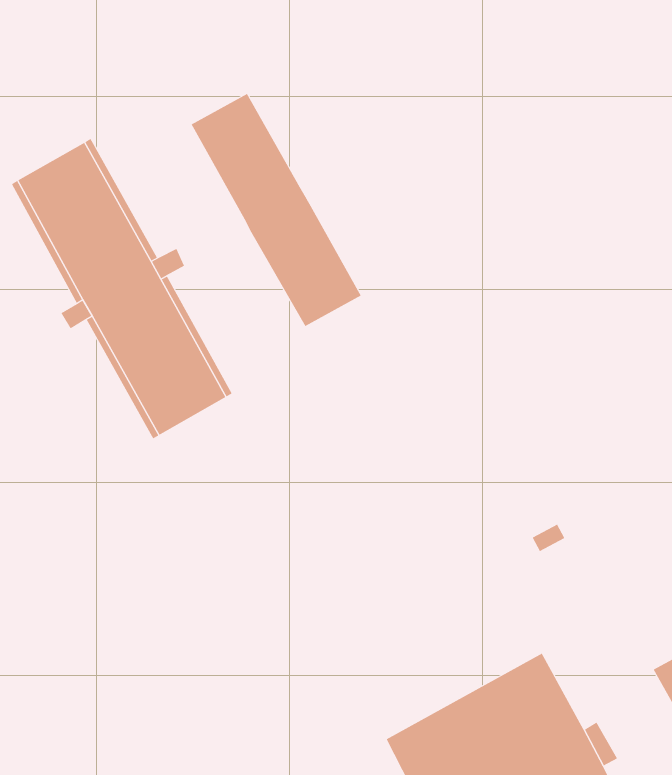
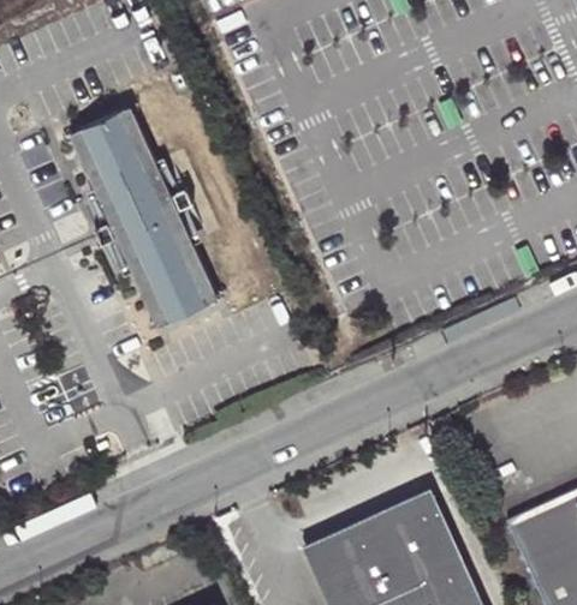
building: [191,93,361,327] -> none

